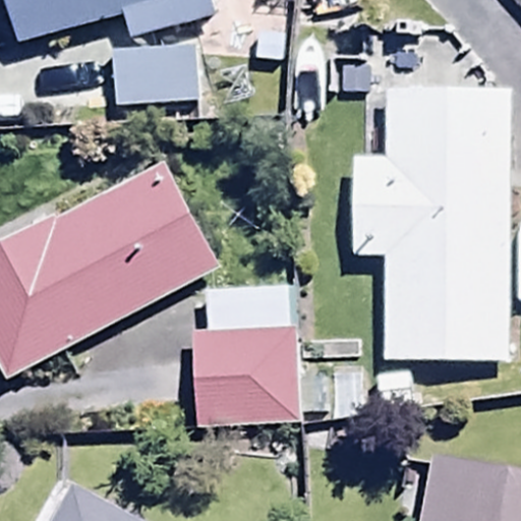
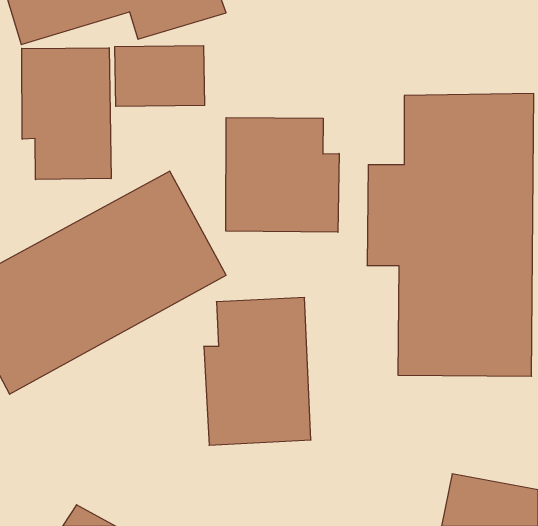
building: none -> [22,48,111,180]
building: none -> [226,118,339,232]

